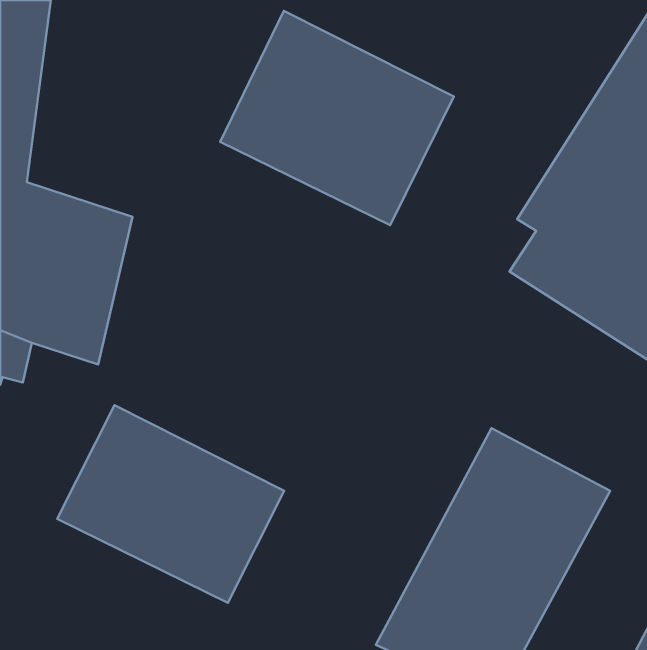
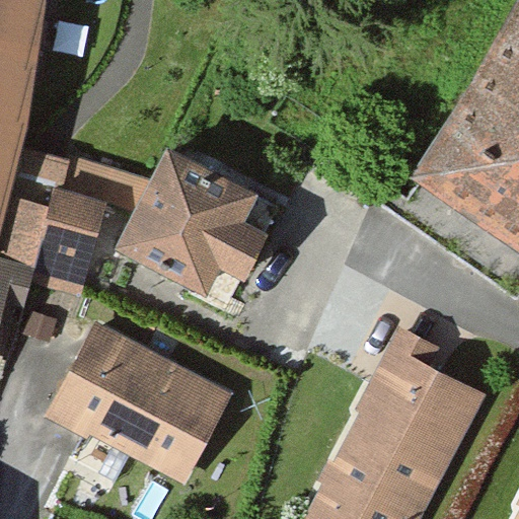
building: [220,11,454,225] -> none
building: none -> [120,146,266,287]

